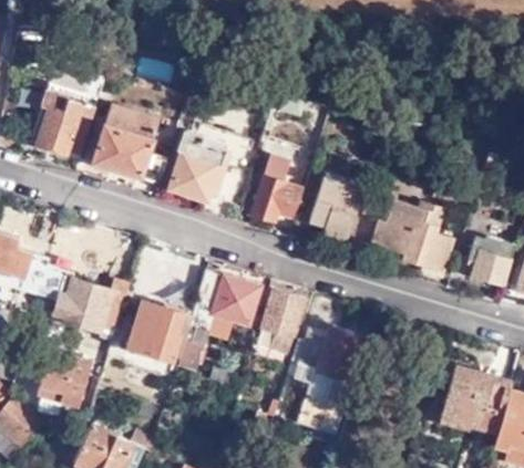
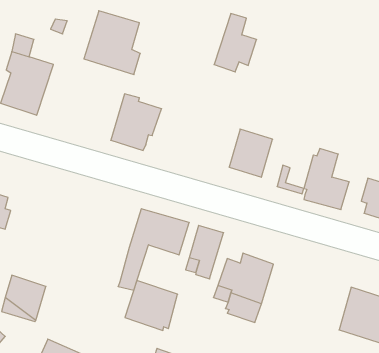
building: [94,104,162,180] -> [84,11,140,75]
building: [250,155,301,225] -> [214,14,257,72]
building: [378,200,411,247] -> none
building: [42,273,131,340] -> none
building: [127,301,191,361] -> [125,280,178,330]

